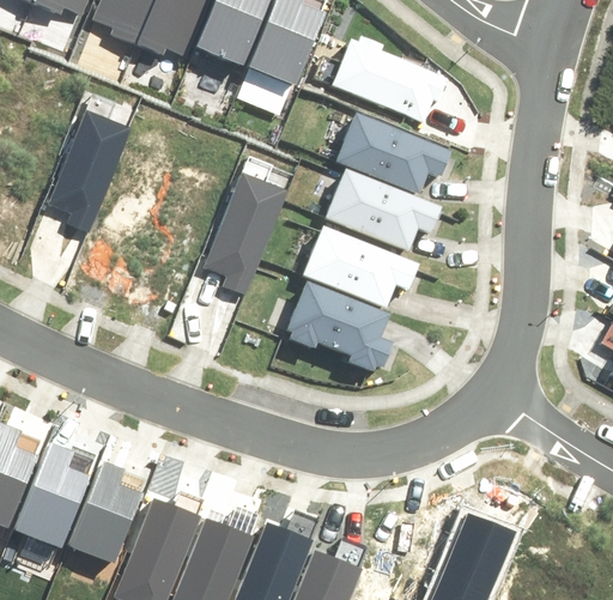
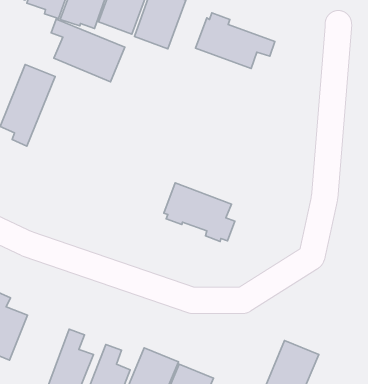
building: none -> [51,19,125,82]
building: [336,119,453,193] -> none
building: [206,171,287,291] -> none
building: [327,171,442,246] -> none
building: [304,228,420,302] -> none
building: [73,463,136,554] -> none

